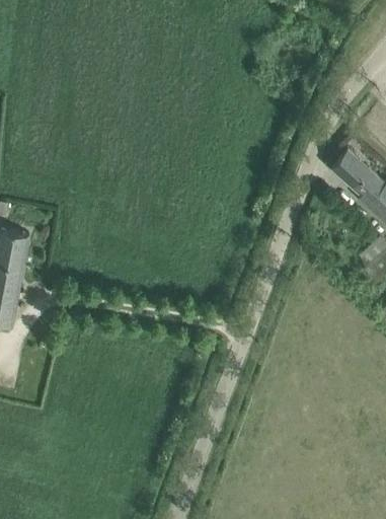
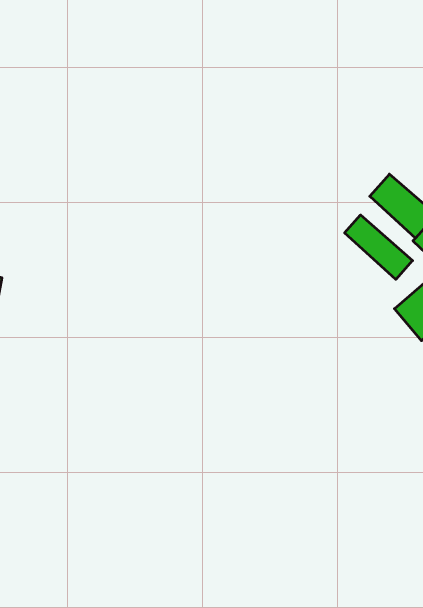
building: none -> [345,215,413,279]

